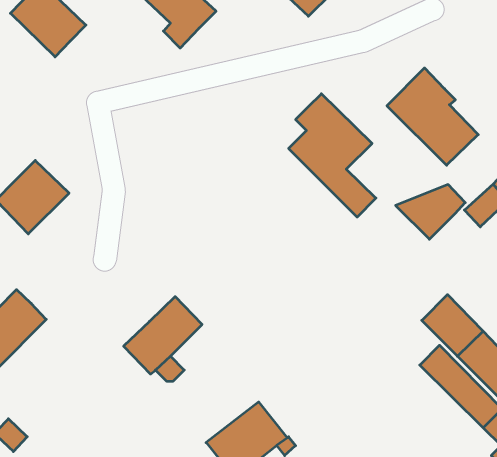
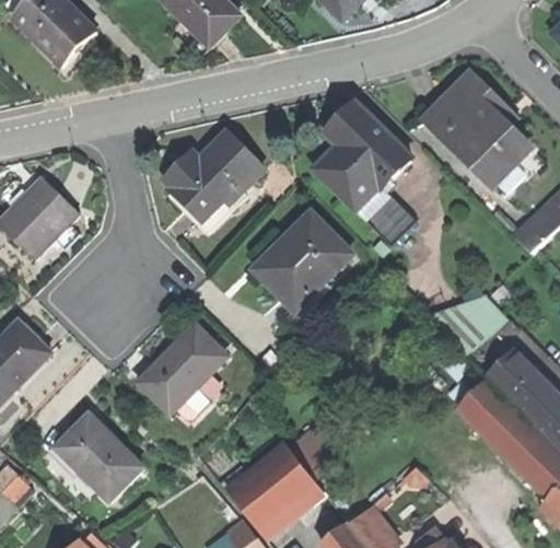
building: none -> [164,133,262,221]
building: [396,185,465,239] -> [428,294,504,354]
building: none -> [260,213,352,312]
building: none -> [57,417,140,500]

